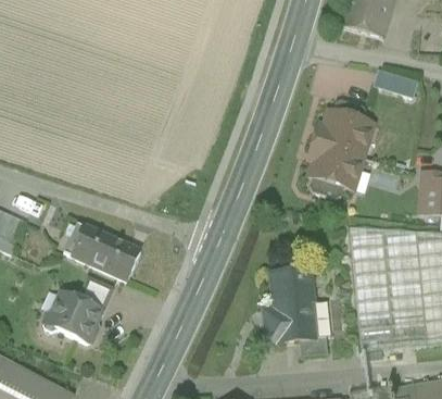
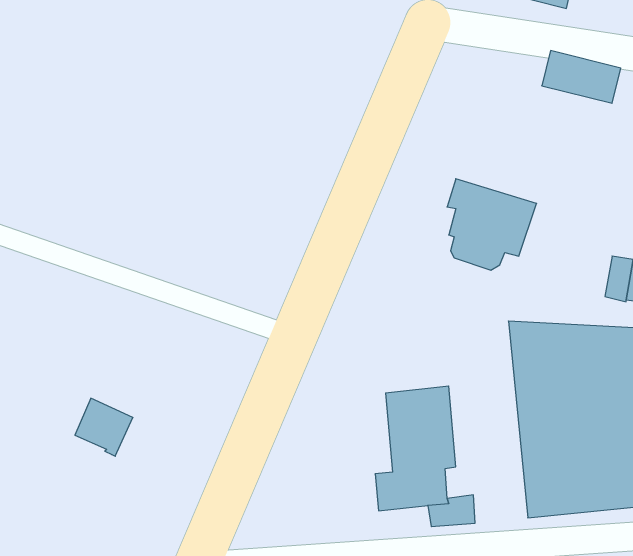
building: [314,99,374,157] -> none
building: [64,222,141,280] -> none
building: [43,292,101,342] -> none

